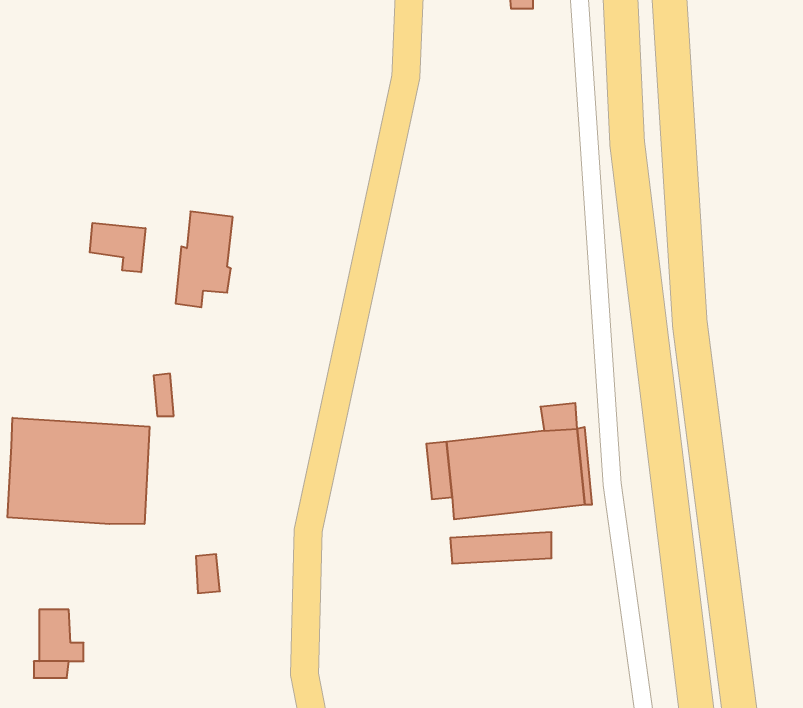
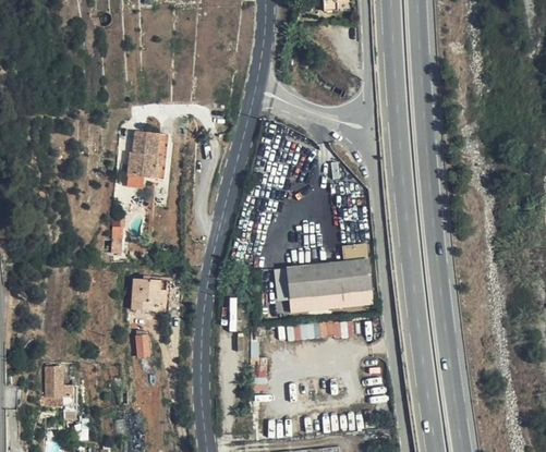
building: [90,223,145,272] -> none
building: [8,418,149,524] -> none
building: none -> [131,279,167,310]

